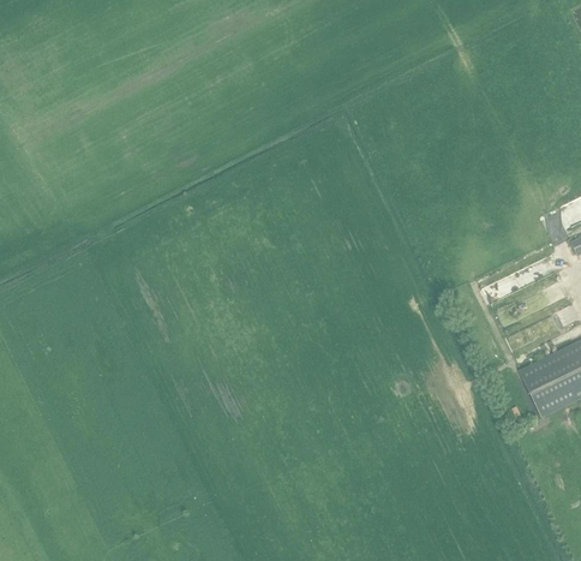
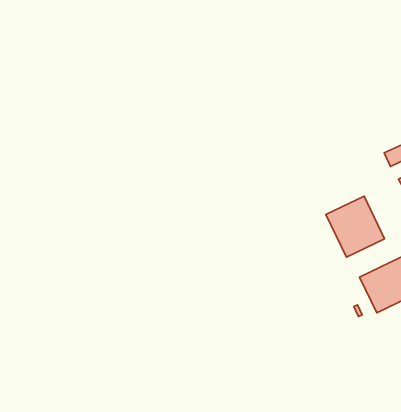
building: none -> [326,196,385,257]

